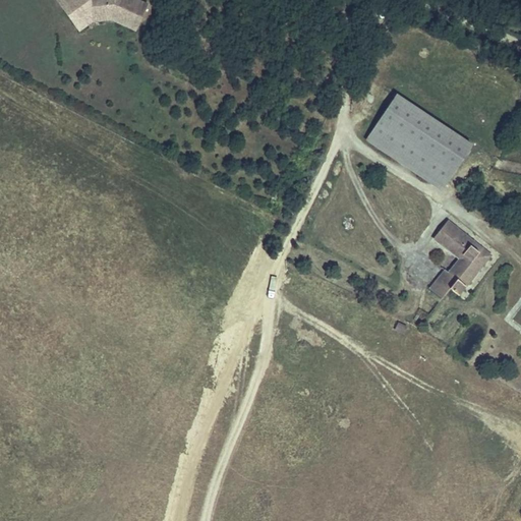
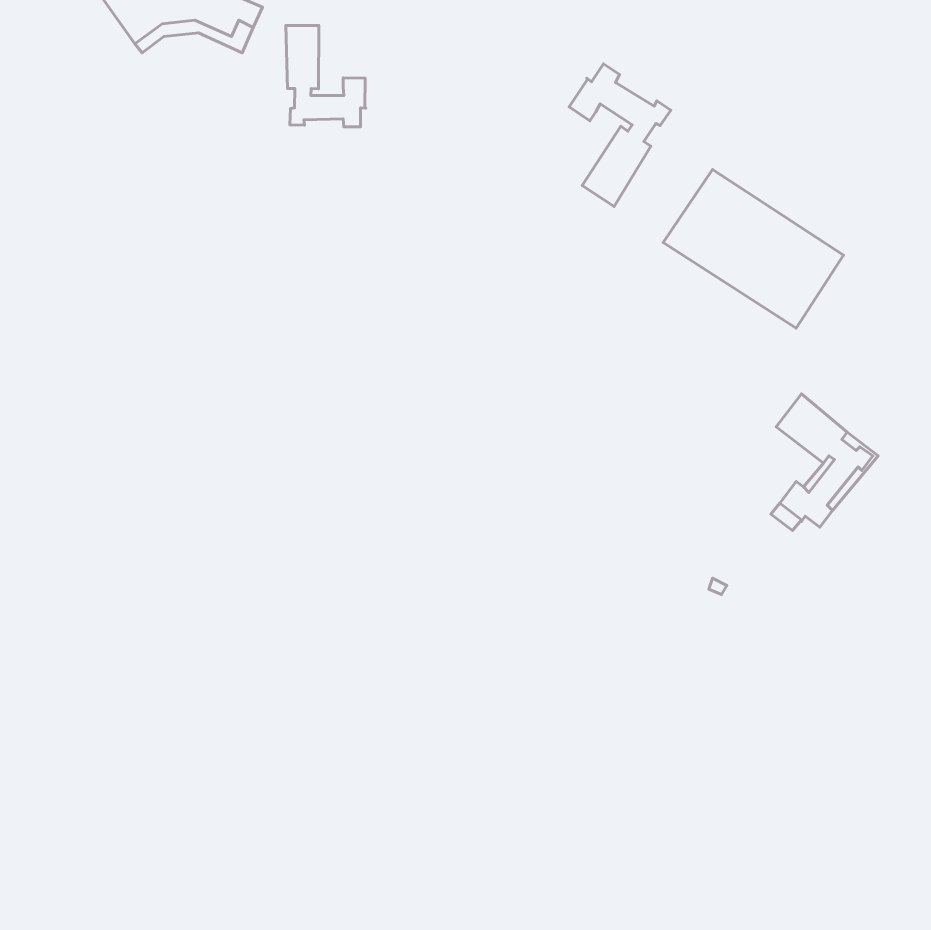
building: none -> [286,26,366,127]
building: none -> [569,64,671,206]

